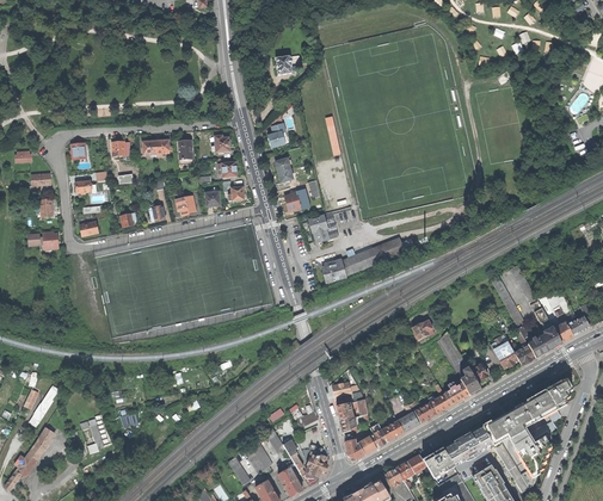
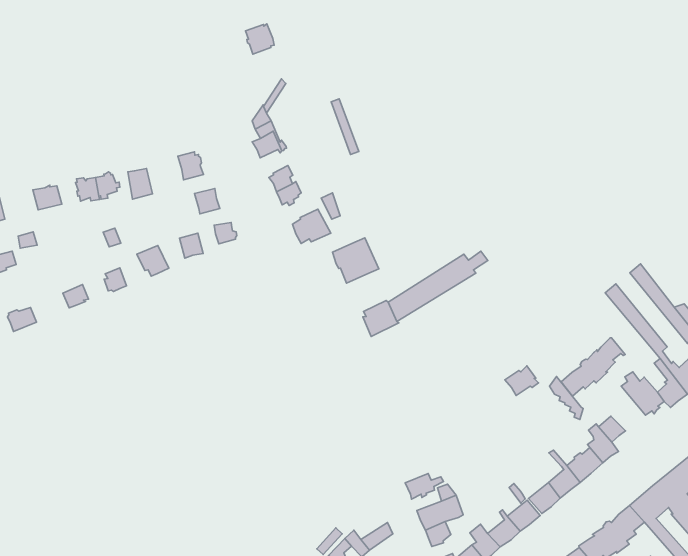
building: none -> [561,338,625,396]

